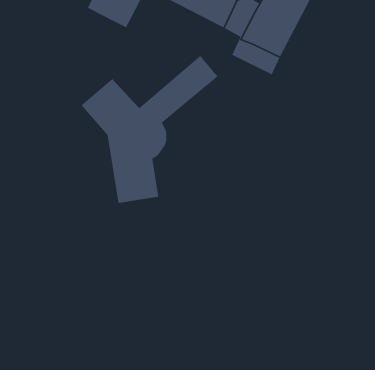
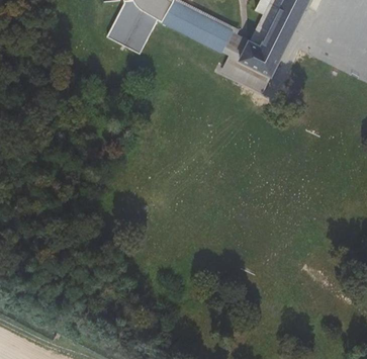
building: [81,55,219,204] -> none

